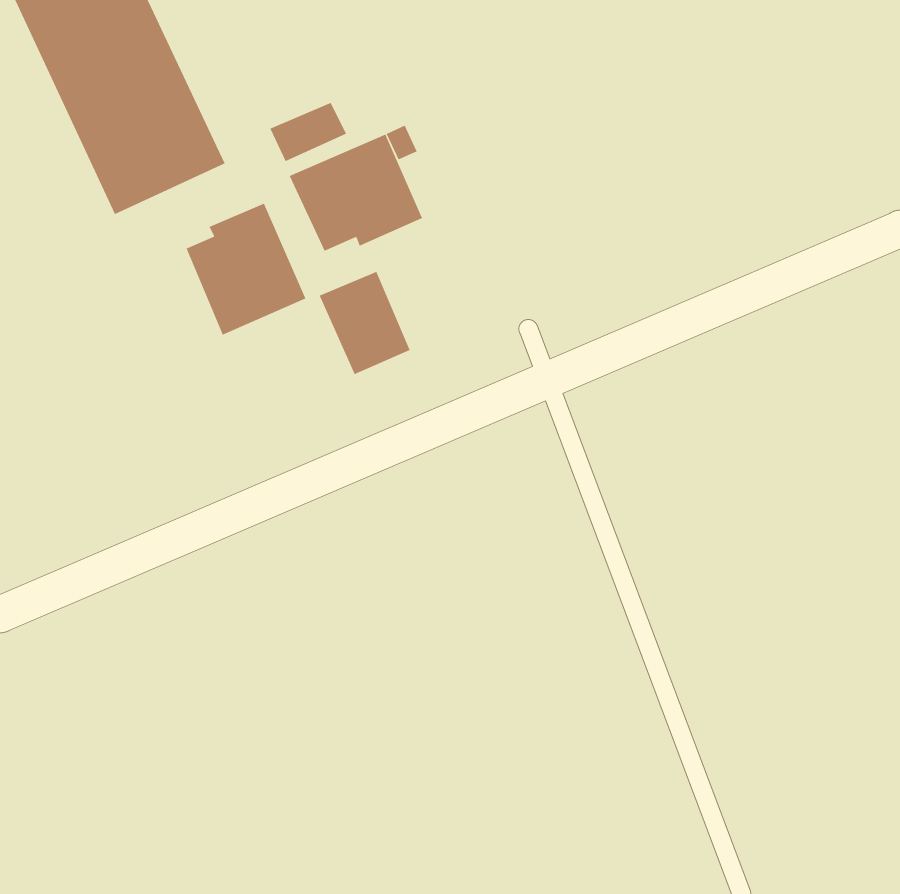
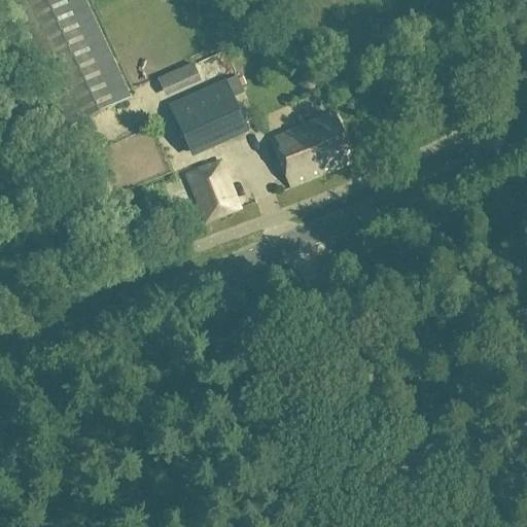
building: none -> [271,112,353,184]
building: [186,203,306,336] -> none

